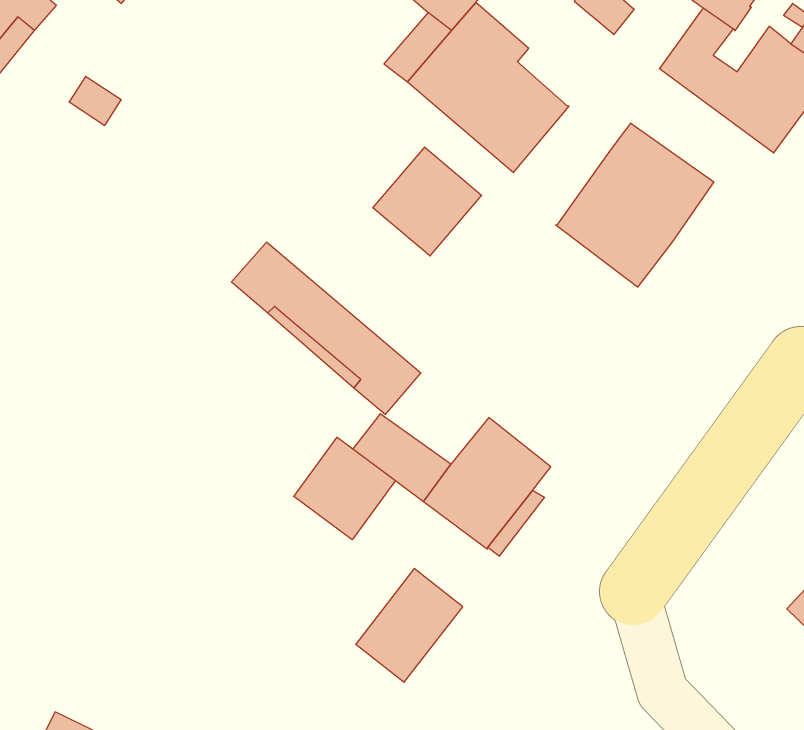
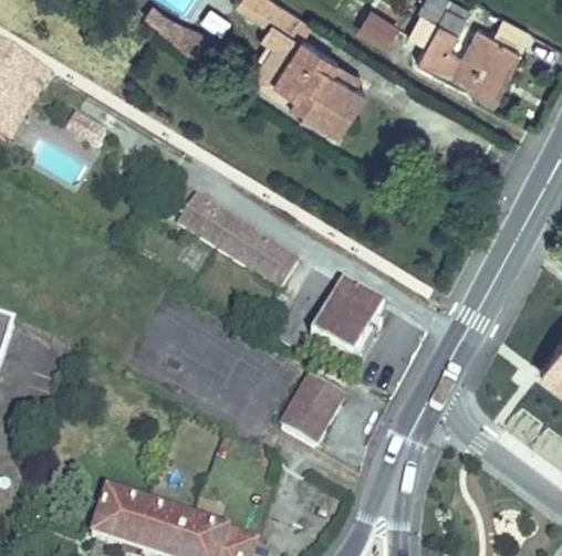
building: [556,123,714,287] -> none
building: [373,147,482,256] -> none
building: [294,437,396,540] -> none

